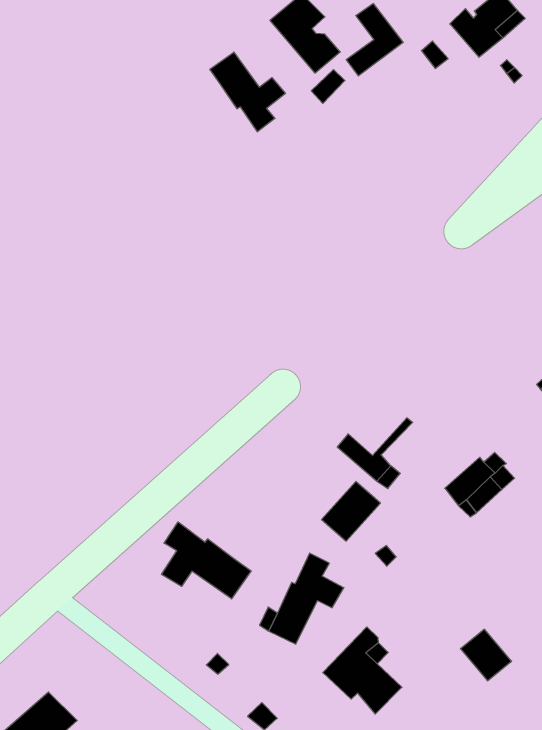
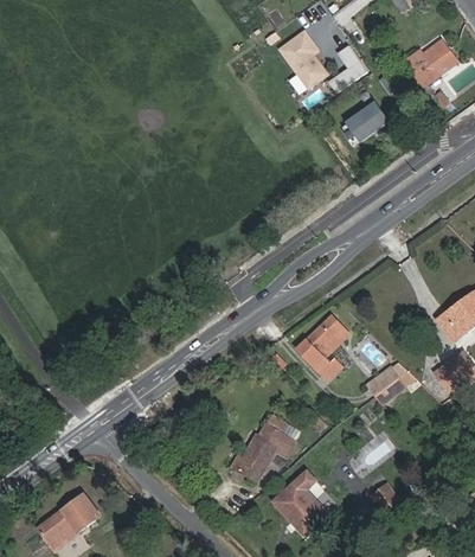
building: [210,52,285,132] -> none
building: none -> [347,101,389,141]
building: [322,482,380,541] -> [306,314,347,354]
building: [162,522,251,599] -> none

